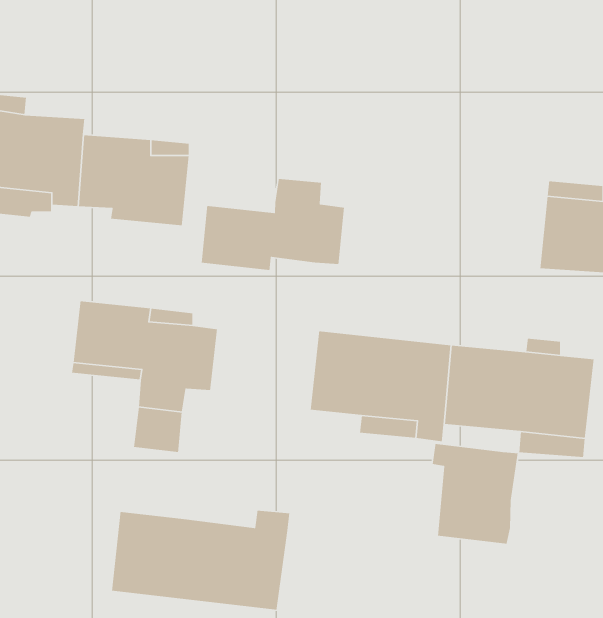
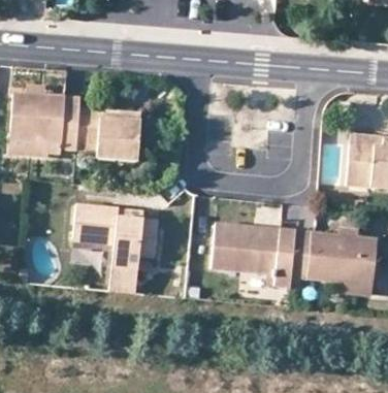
building: [201,178,345,271] -> none
building: [432,443,518,545] -> none
building: [111,510,290,610] -> none

